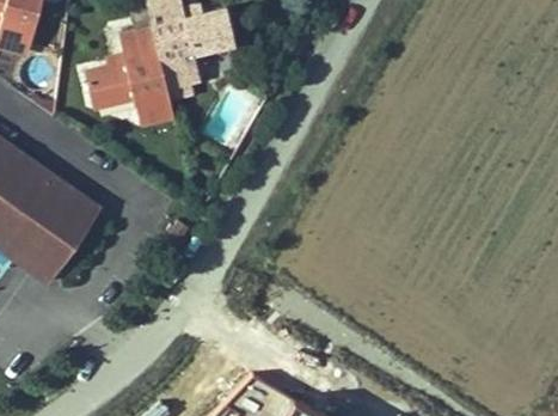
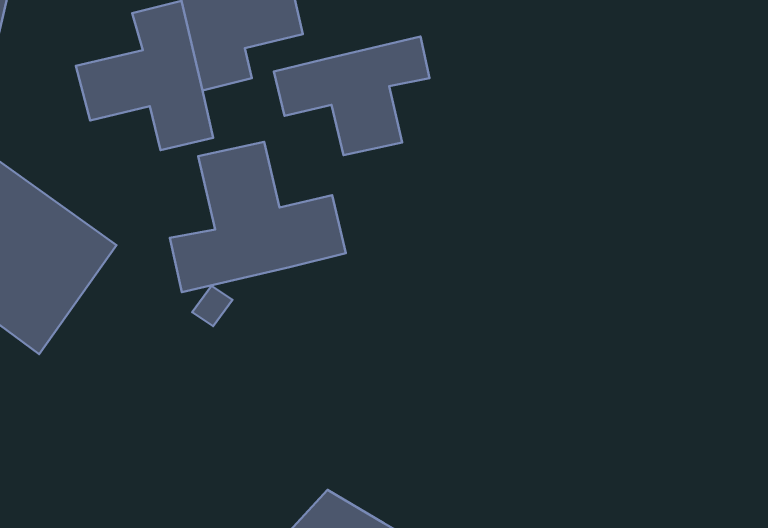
building: none -> [274,36,430,155]
building: none -> [170,142,346,292]

